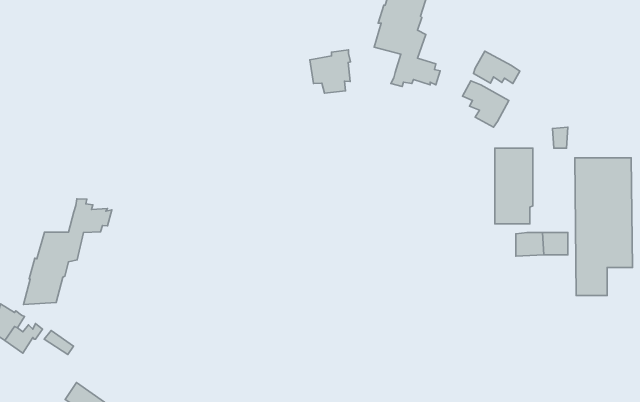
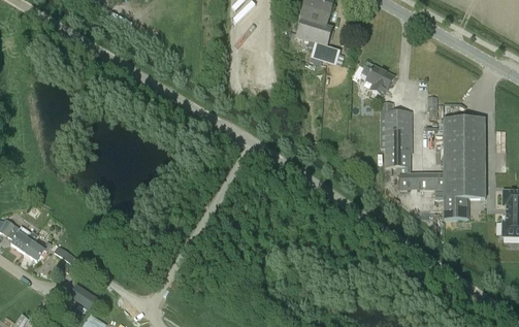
building: [310,50,350,93] -> none
building: [473,51,520,84] -> none
building: [23,199,112,304] -> none

